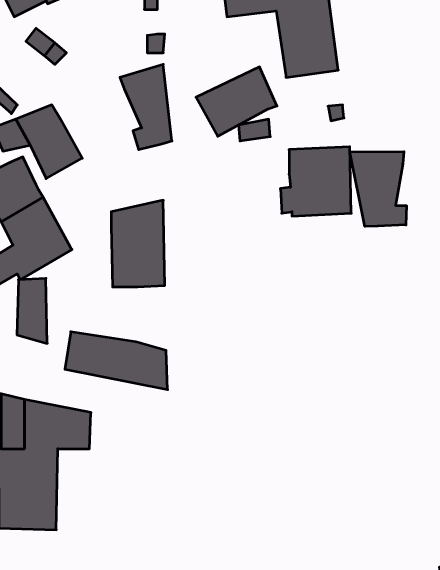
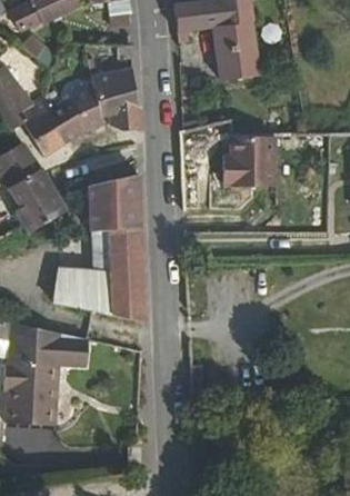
building: [196,67,277,136] -> [53,87,116,140]
building: [350,152,406,226] -> none
building: [17,278,47,343] -> [111,238,134,288]

